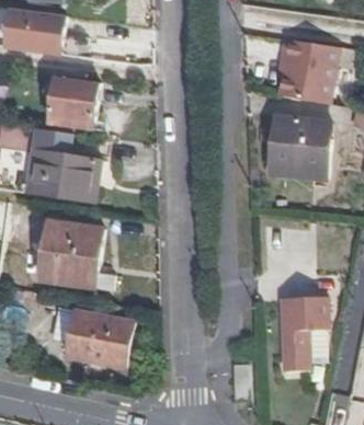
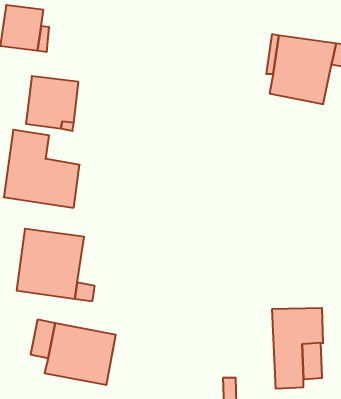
building: [269,113,332,180] -> none

